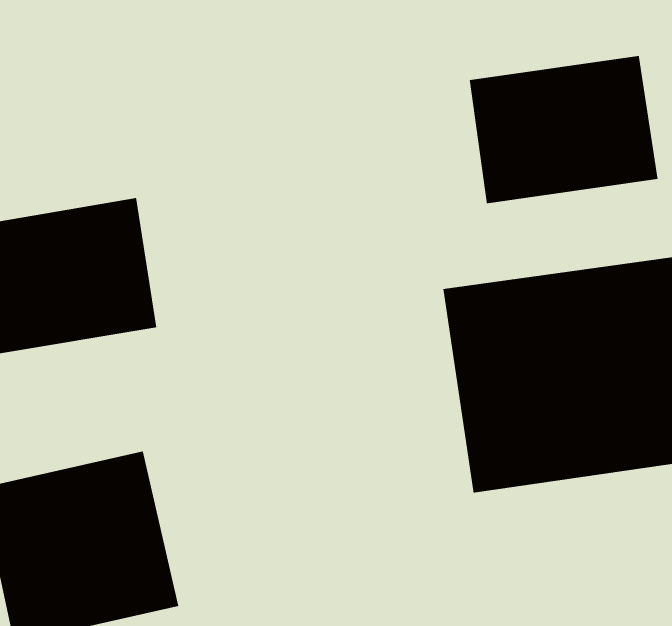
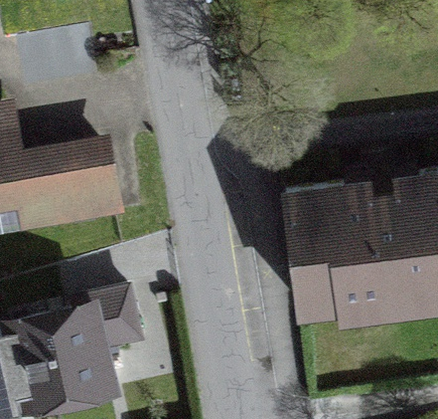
building: [469,55,658,204] -> none

